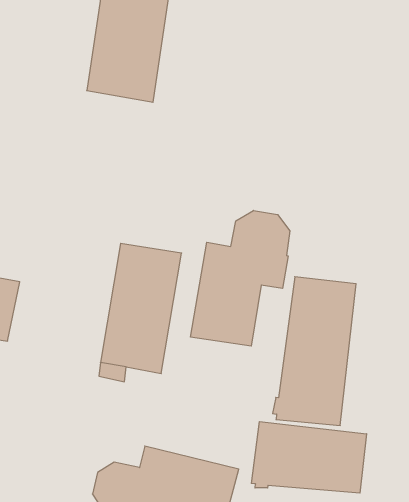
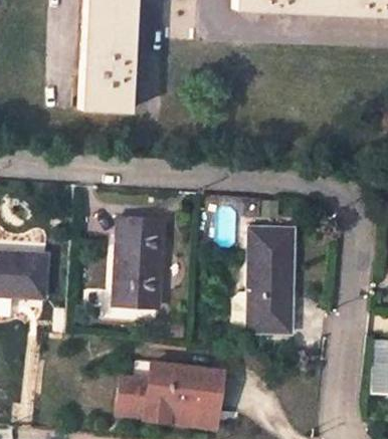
building: [191,210,290,346] -> none
building: [251,422,367,493] -> none

